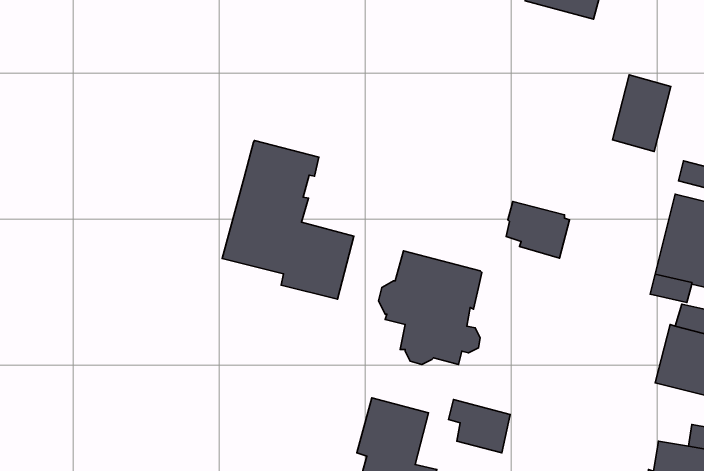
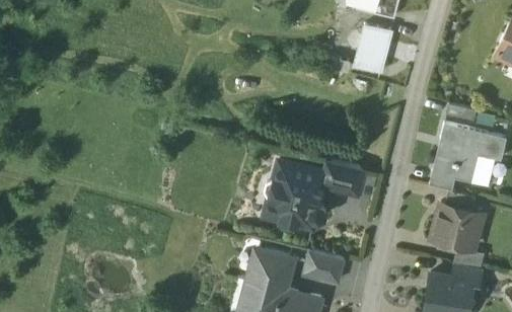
building: [613,75,671,152] -> [355,25,390,72]
building: [222,140,354,299] -> none
building: [506,201,569,258] -> [324,161,363,196]

